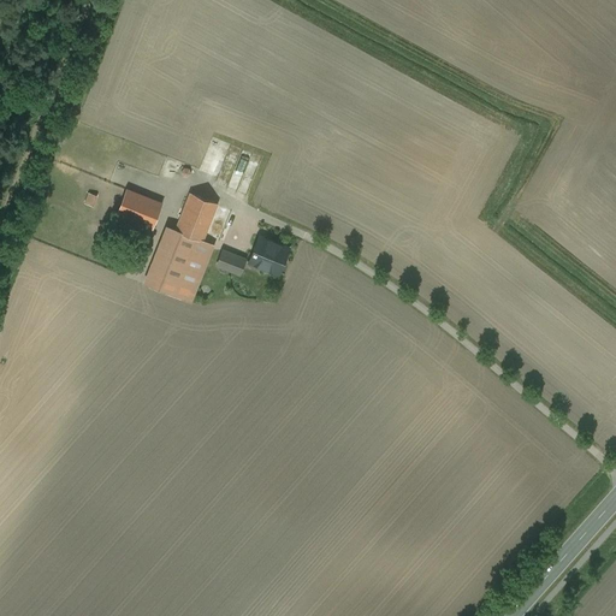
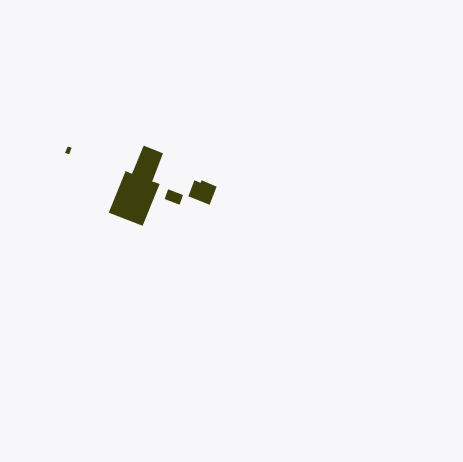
building: [117,190,162,230] -> none

